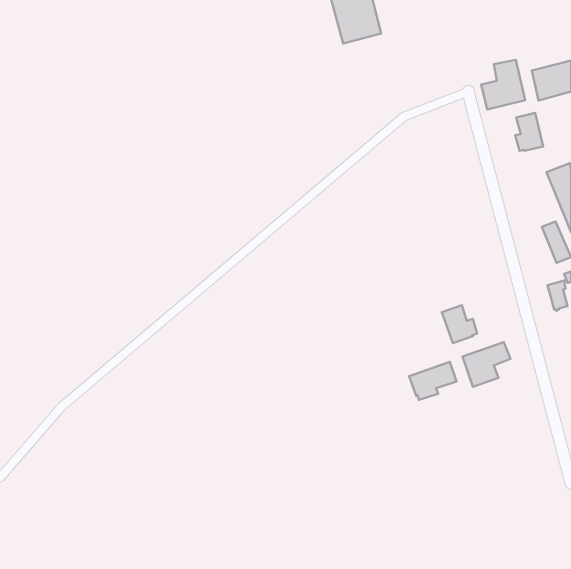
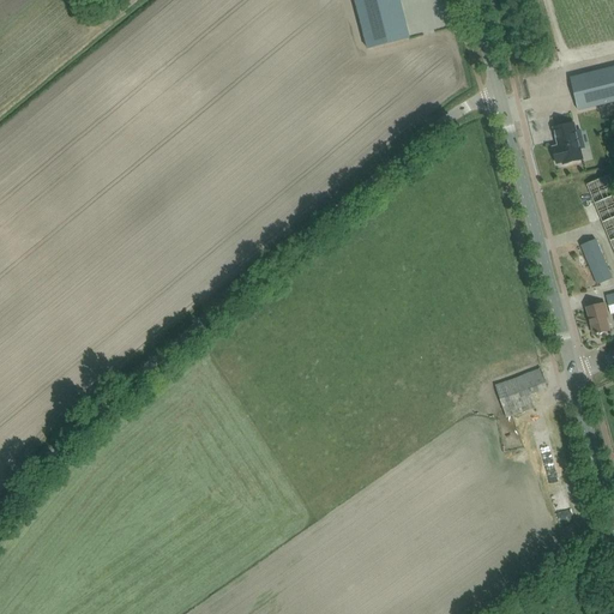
building: [481,60,525,110] -> none
building: [442,305,477,343] -> none
building: [409,362,457,400] -> none

